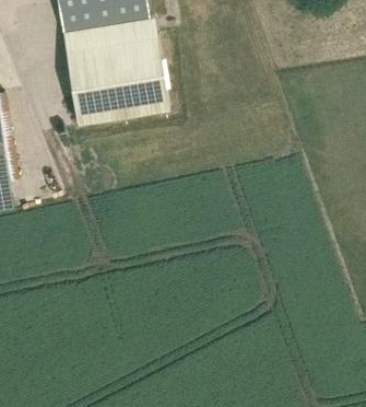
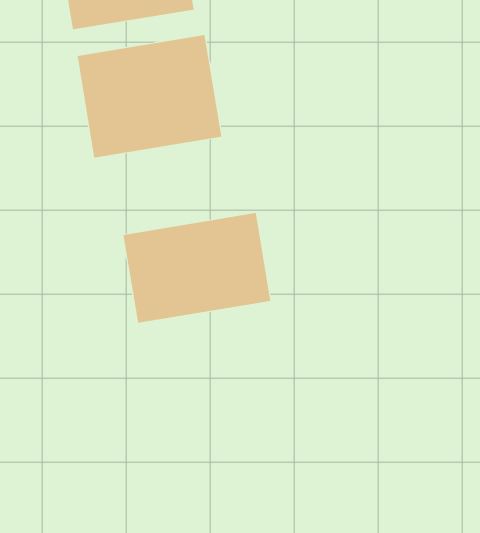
building: none -> [123,212,271,324]

